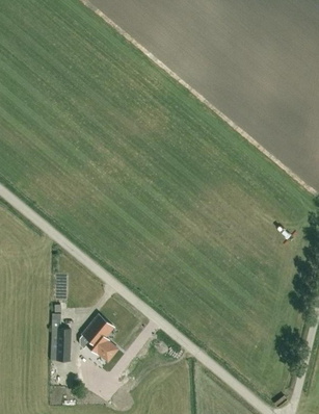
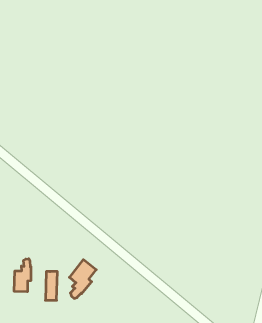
building: none -> [14,259,31,292]

